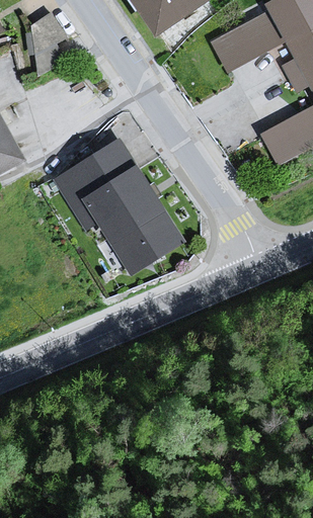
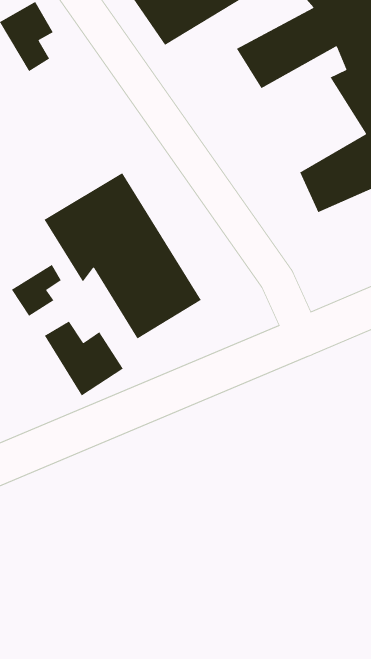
building: none -> [11,264,62,317]
building: none -> [44,320,124,396]

